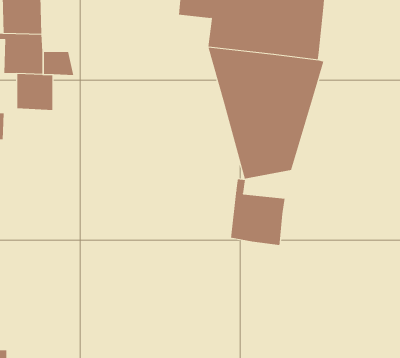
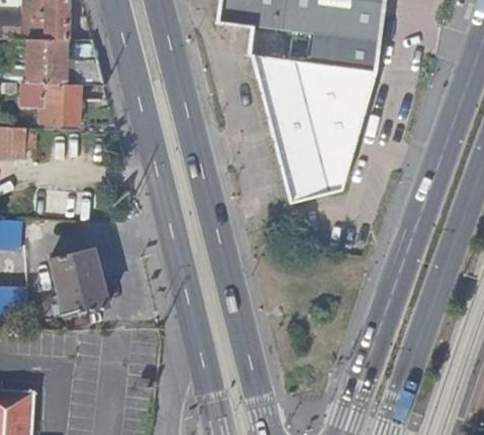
building: [230,178,285,246] -> none
building: none -> [47,249,104,314]

